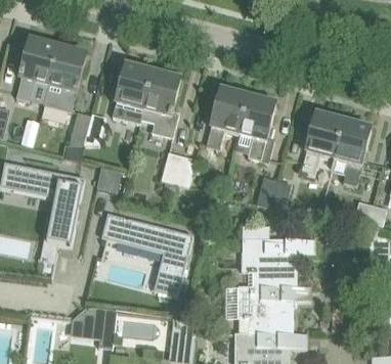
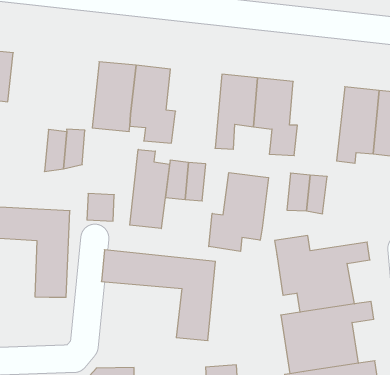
building: [44,47,85,110] -> none
building: none -> [130,149,169,229]
building: none -> [209,173,269,251]

